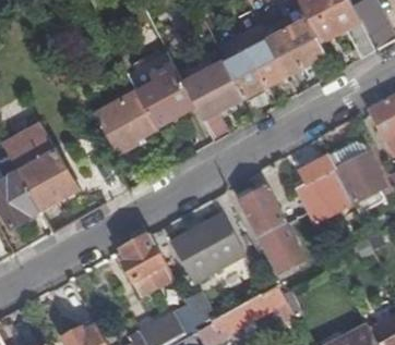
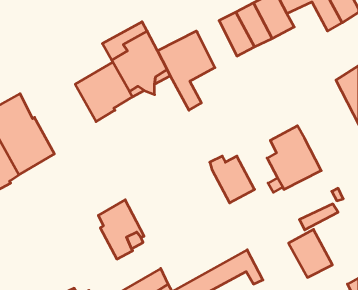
building: [224,48,265,97] -> none
building: [336,155,385,205] -> none
building: [169,215,244,285] -> none
building: [258,224,303,274] -> [289,229,332,277]

